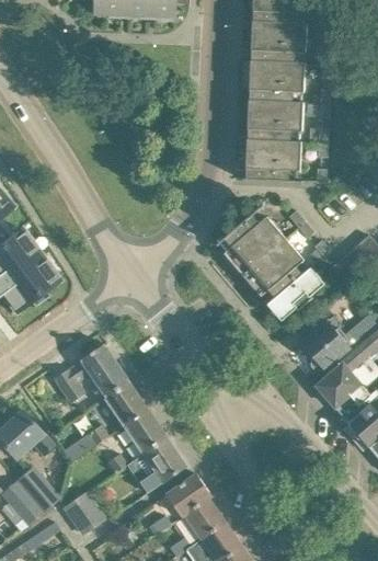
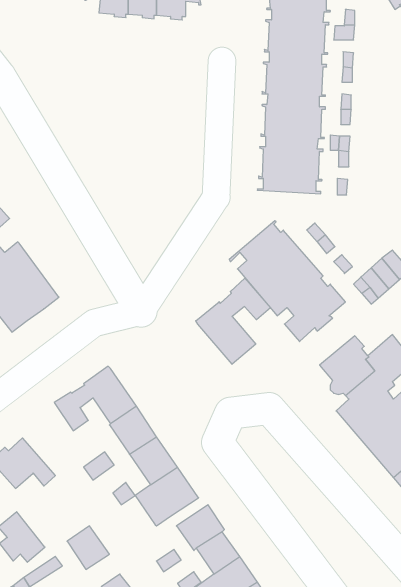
building: none -> [196,278,271,364]
building: [18,466,61,513] -> none

